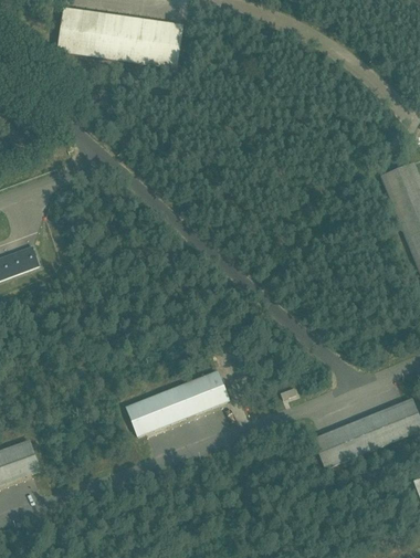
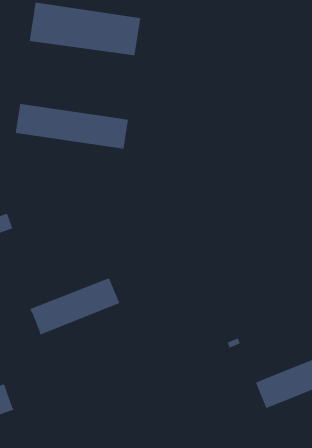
building: none -> [15,103,129,150]
building: [126,370,229,435] -> [30,278,120,335]

